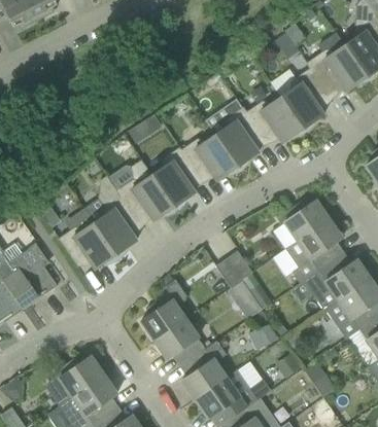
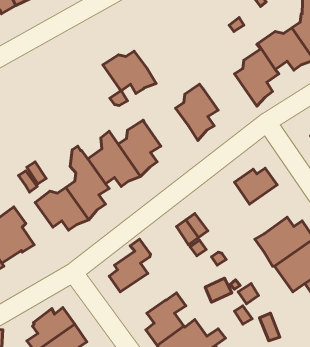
building: [246,96,306,143] -> none
building: [180,134,240,181] -> [103,51,156,94]
building: [285,219,342,283] -> none
building: [153,318,204,362] -> none

